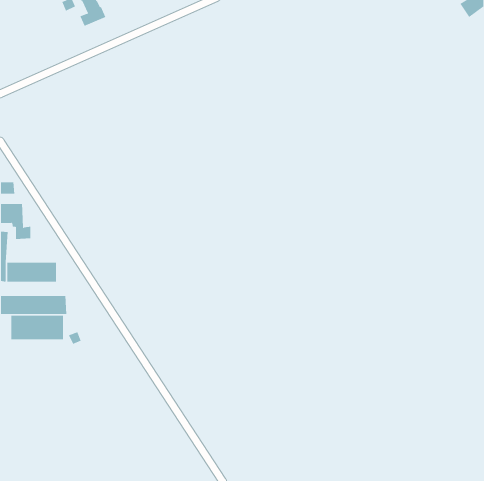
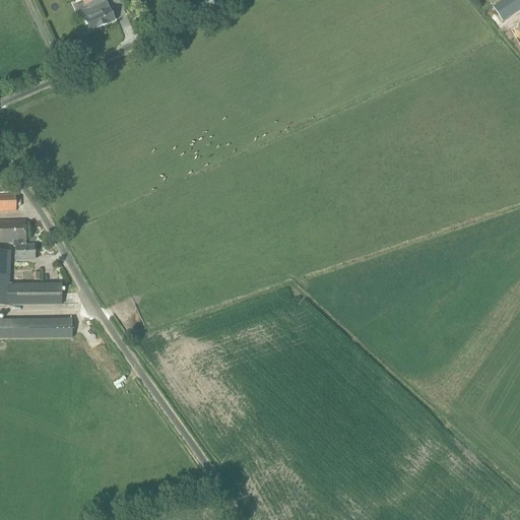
building: [11,315,64,340] -> none

